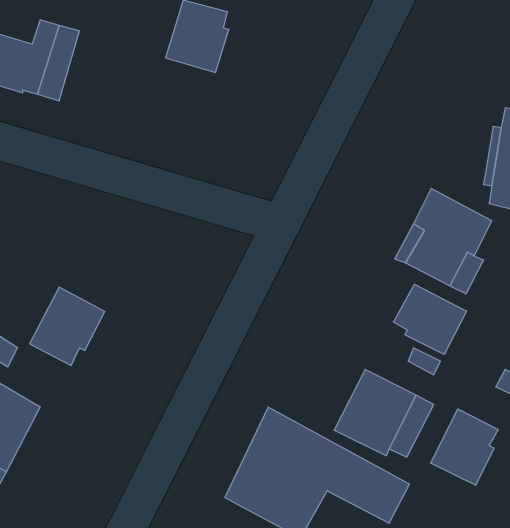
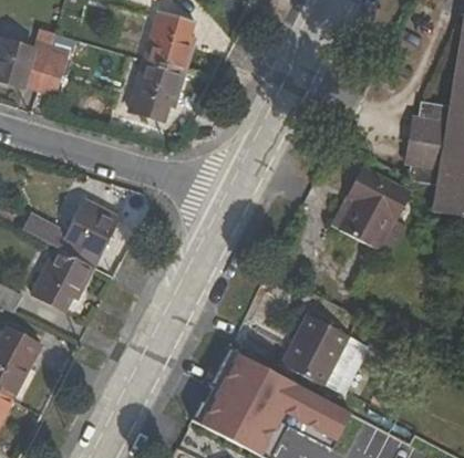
building: none -> [128,59,184,121]
building: none -> [21,200,118,267]
building: [394,284,467,354] -> none
building: [431,409,498,485] -> none

